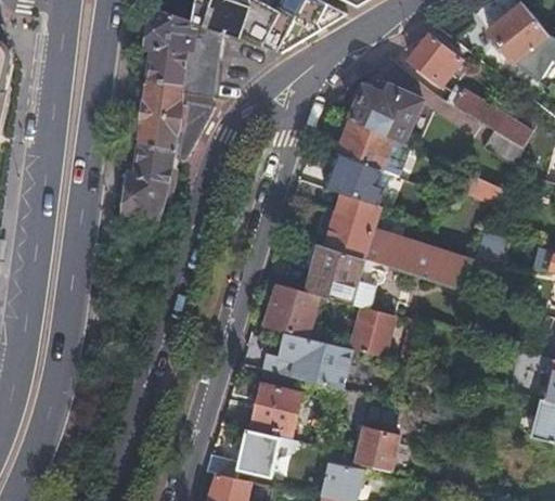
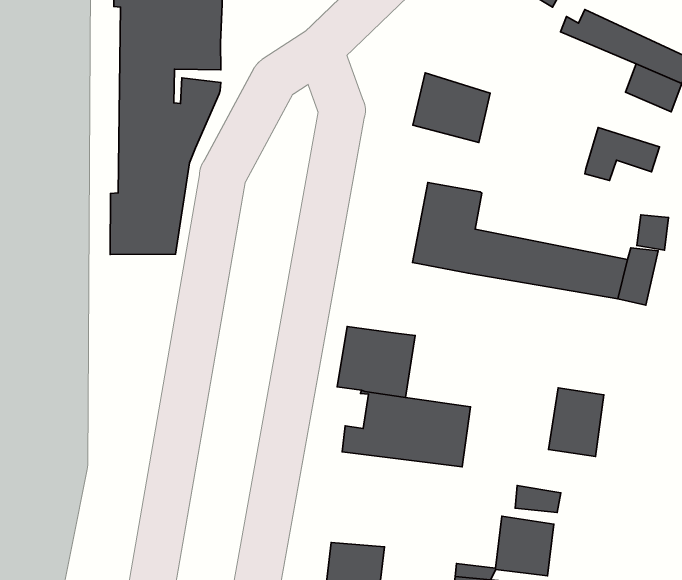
building: [349,85,421,142] -> none
building: [323,153,384,204] -> none
building: [308,245,362,304] -> none
building: [351,307,393,357] -> [548,388,604,456]
building: [251,381,302,434] -> none

